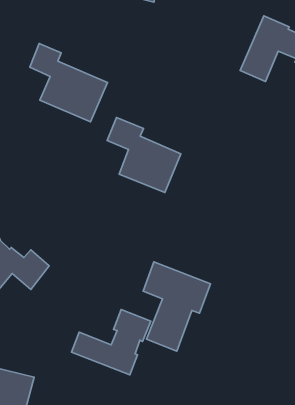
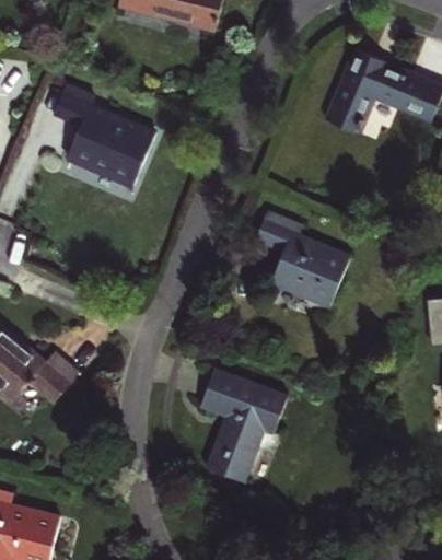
building: [107,118,181,193] -> [256,210,351,307]
building: [72,309,151,375] -> none

